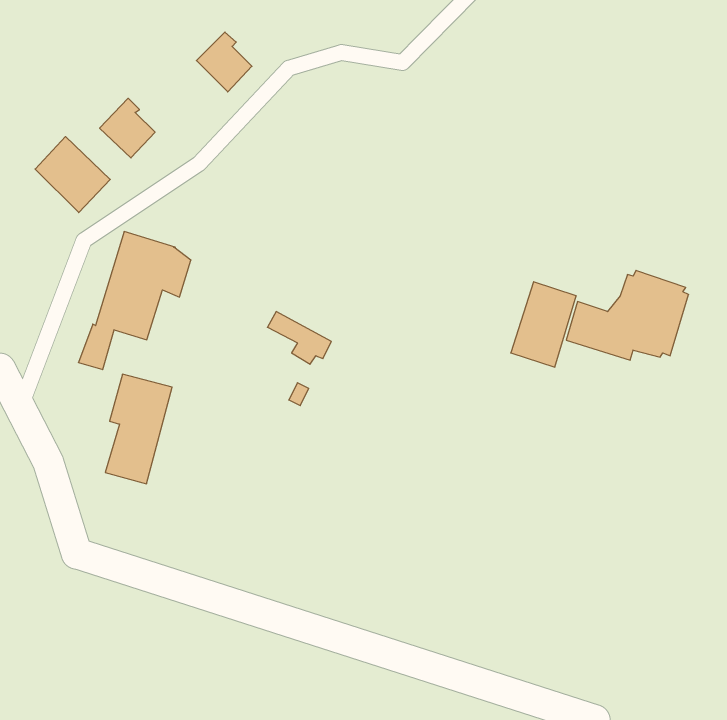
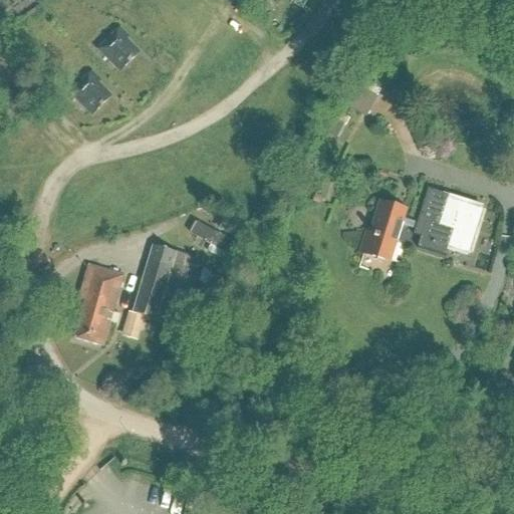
building: [196,32,252,92] -> [98,26,138,68]
building: [35,137,110,213] -> none
building: [78,232,191,370] -> [119,242,199,339]

